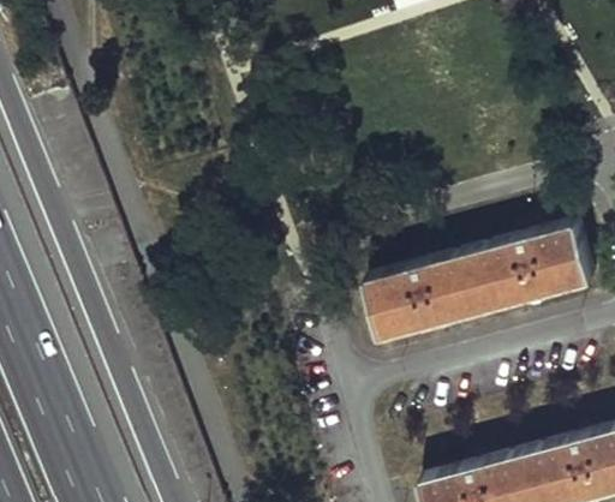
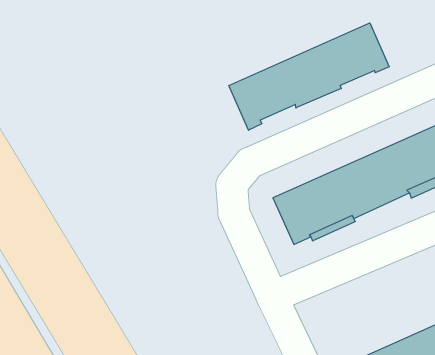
building: none -> [229,23,389,130]

